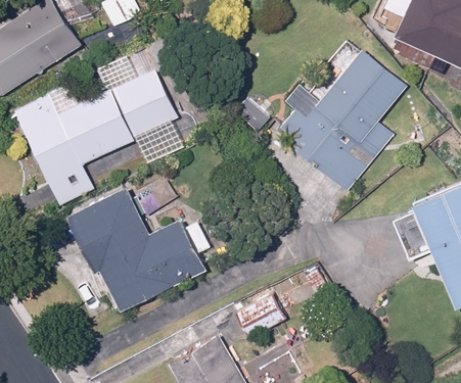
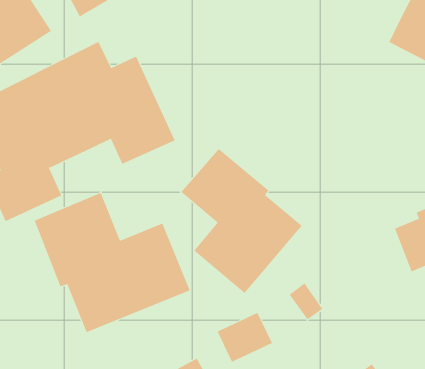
building: [272,47,407,194] -> none
building: none -> [180,148,302,294]

